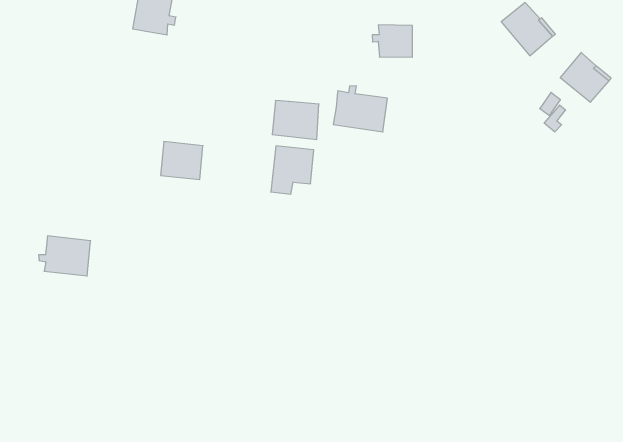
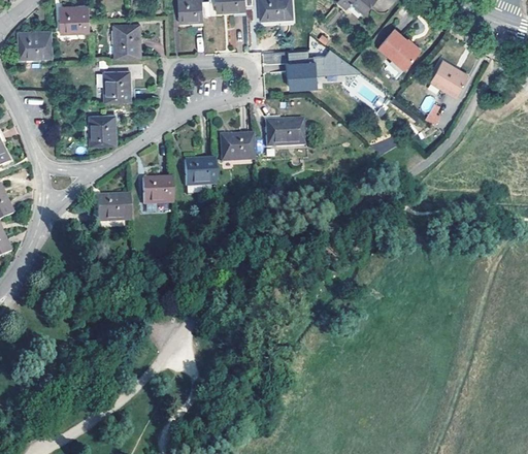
building: none -> [89,115,116,144]
building: [271,146,314,194] -> [185,159,216,196]
building: [39,236,91,276] -> [91,194,130,223]

